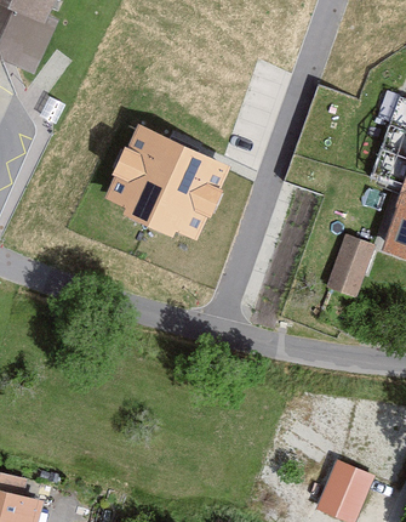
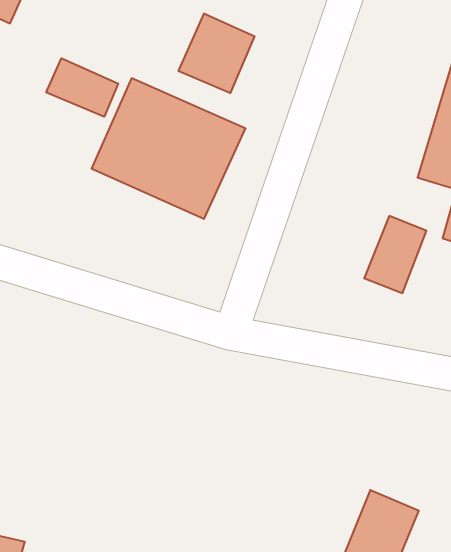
building: none -> [179,13,255,93]
building: none -> [46,58,118,117]

